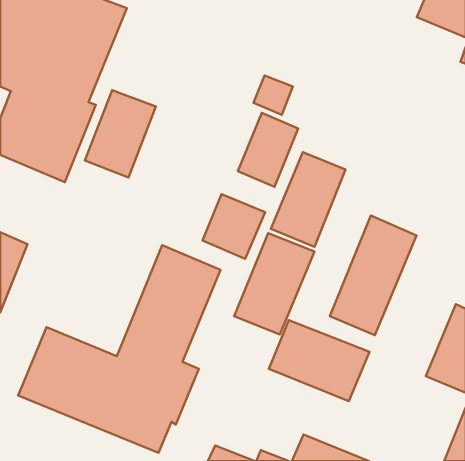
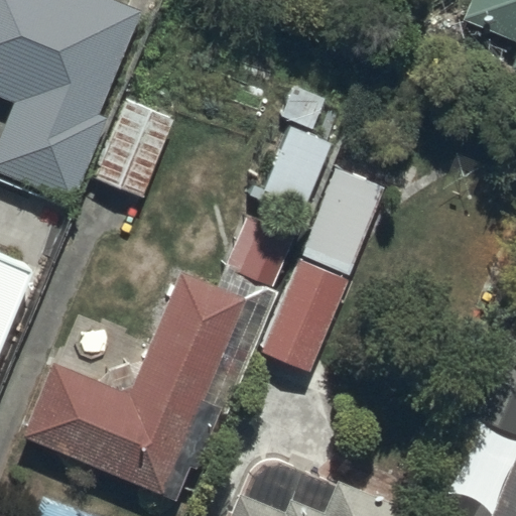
building: [330,216,416,335] -> none
building: [269,320,369,401] -> none

